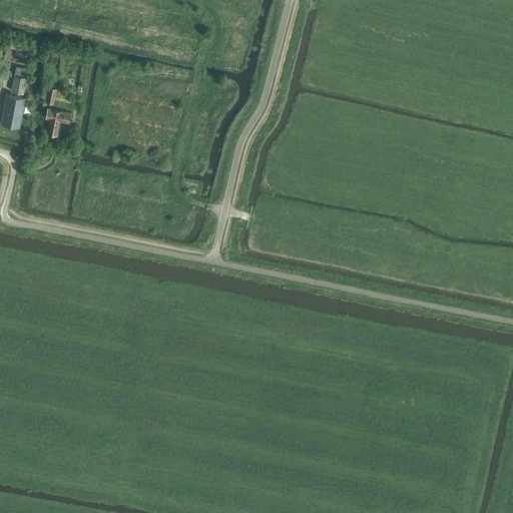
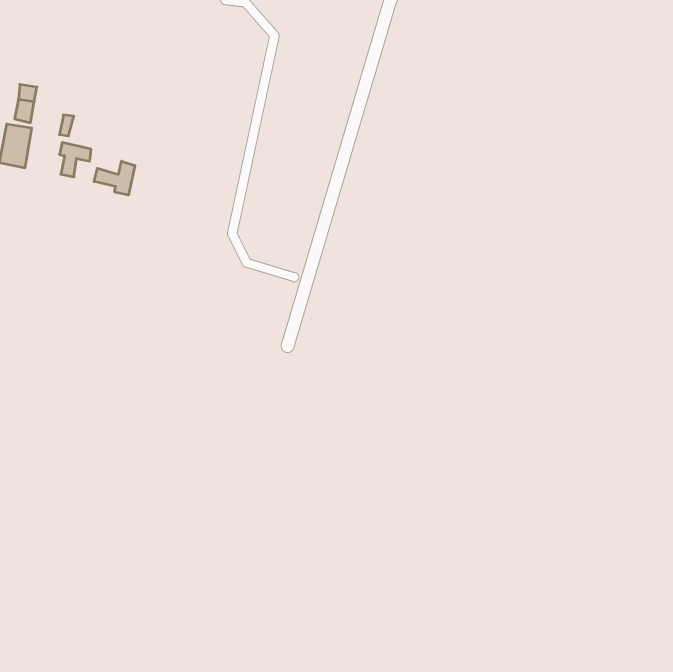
building: none -> [94,161,135,195]

